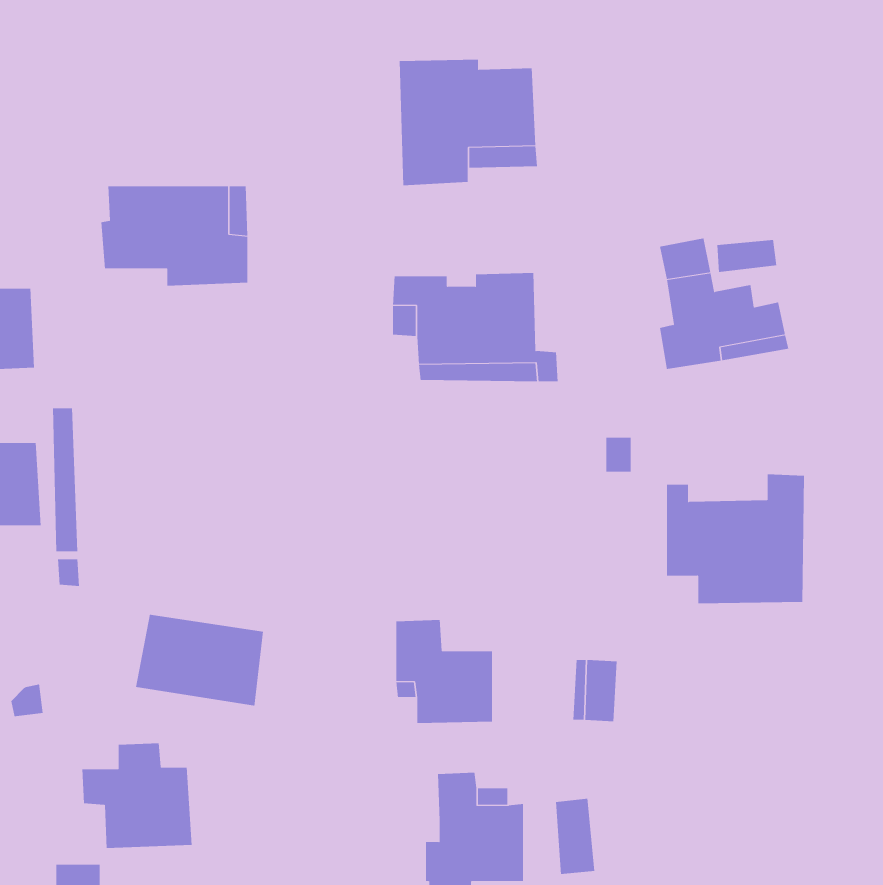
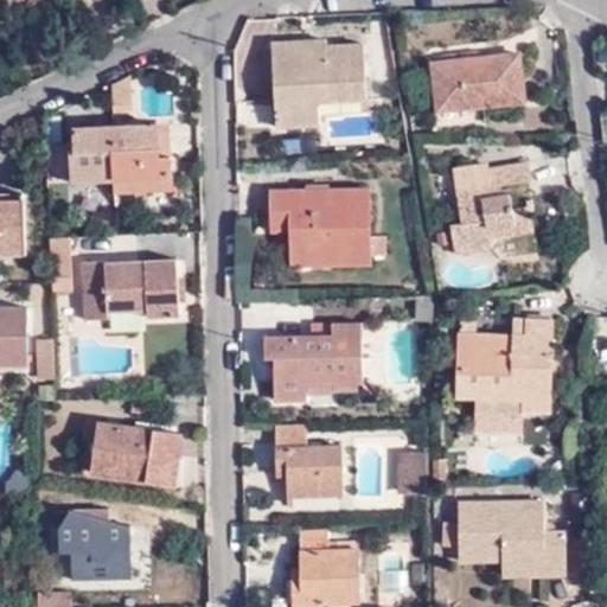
building: none -> [435,56,525,111]
building: none -> [75,263,174,326]
building: none -> [261,322,360,402]
building: none -> [462,511,570,581]

